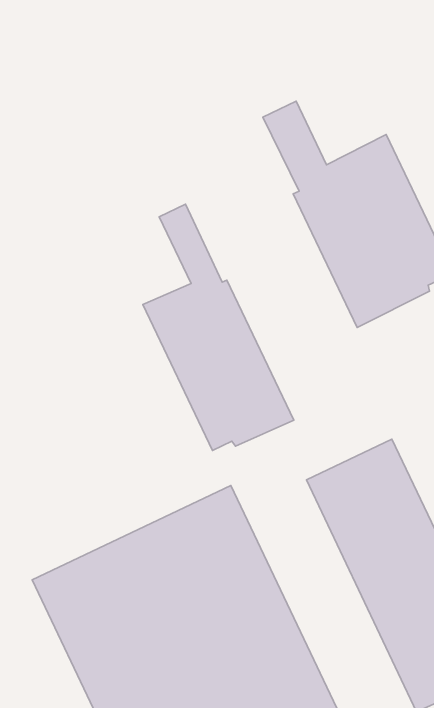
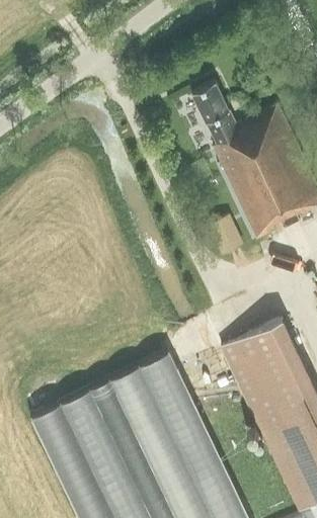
building: [143,204,294,451] -> none

